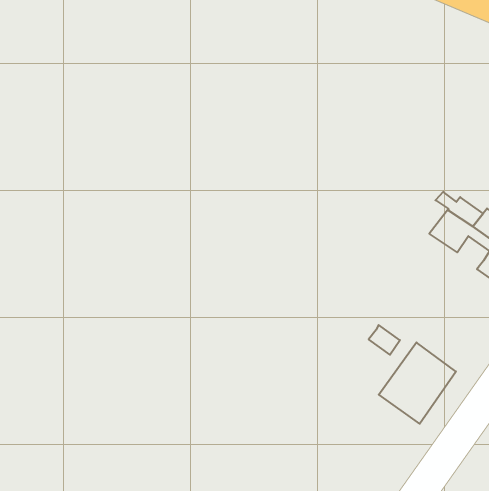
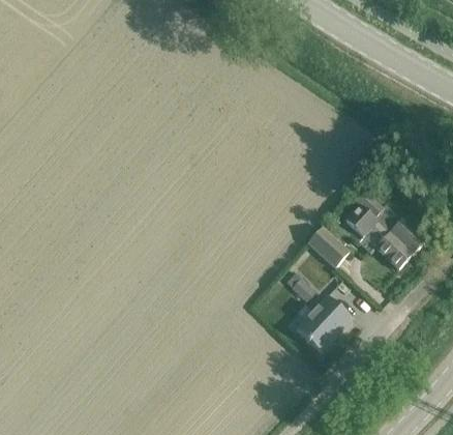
building: none -> [306,227,348,267]

